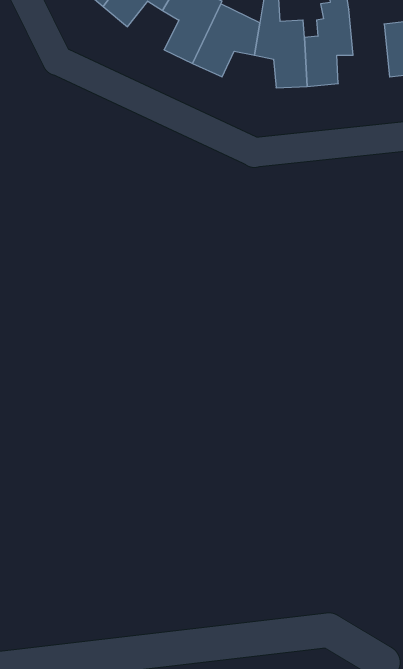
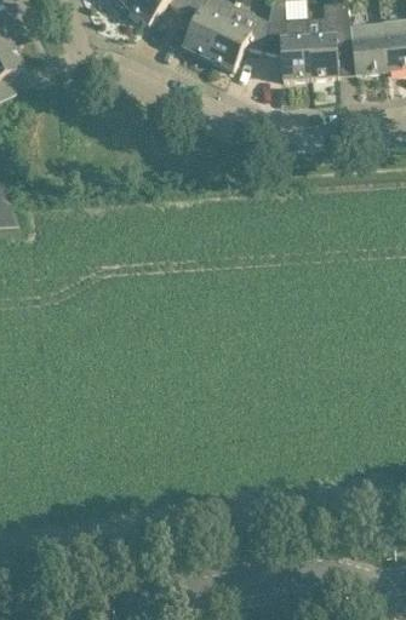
building: none -> [347,6,383,73]

